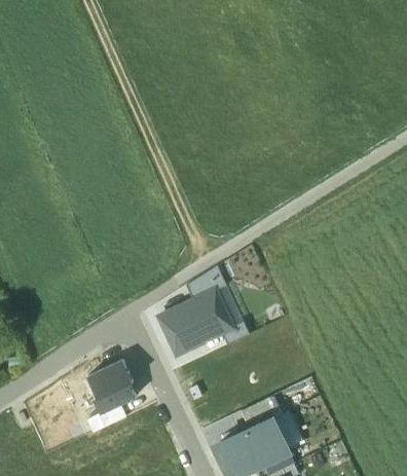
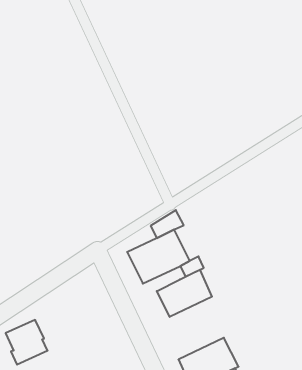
building: none -> [157,270,212,317]
building: [87,360,137,412] -> [6,320,48,365]

